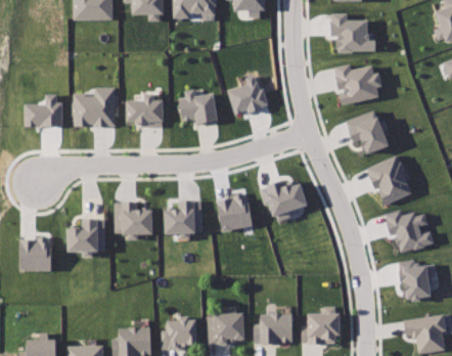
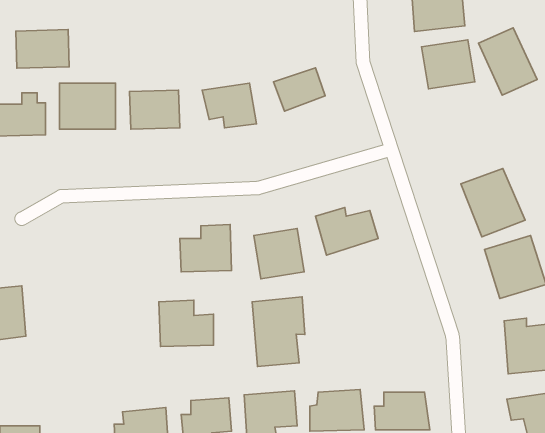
building: none -> [16,30,69,68]
building: [347,109,390,159] -> [478,28,537,95]
building: [116,203,155,236] -> [159,300,213,346]
building: [64,219,104,251] -> none
building: none -> [252,297,305,366]

